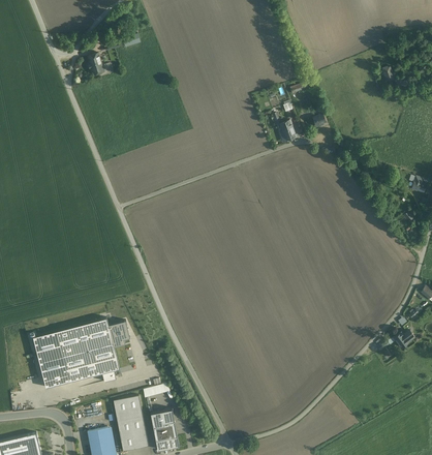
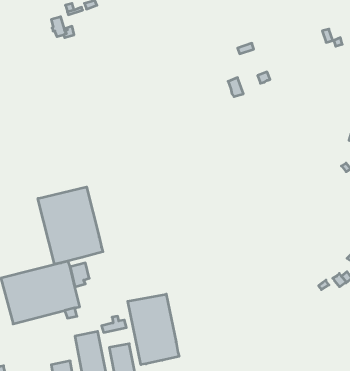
building: none -> [38,187,103,264]
building: none -> [128,294,179,365]

